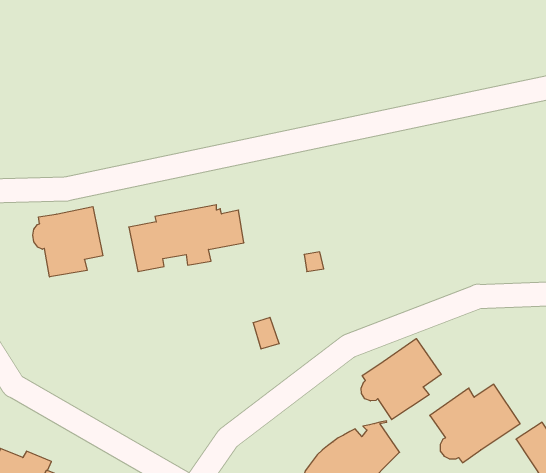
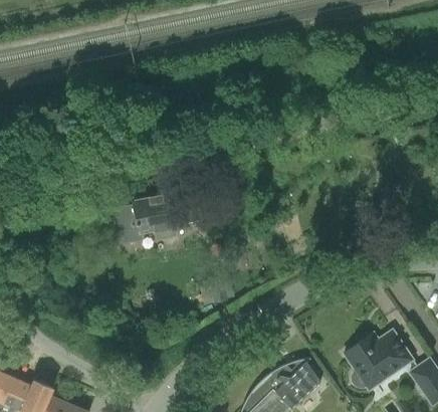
building: [33,207,103,277] -> none
building: [361,339,441,420] -> none

